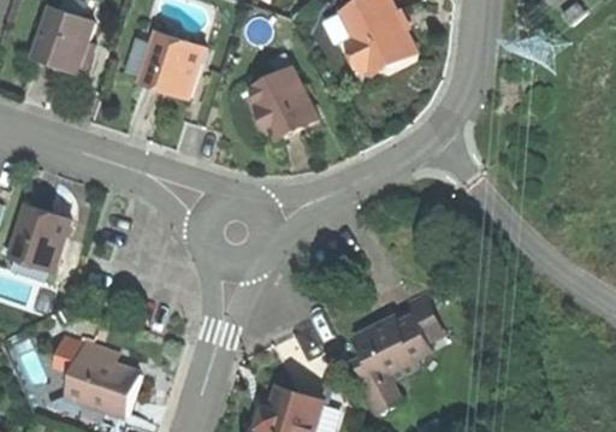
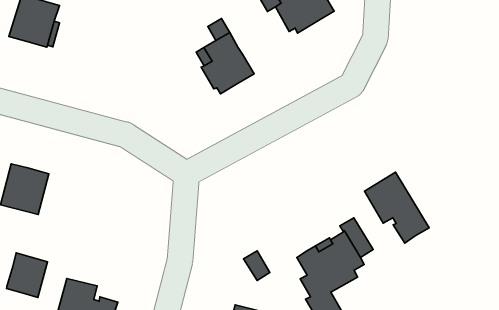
building: [137,31,202,99] -> none
building: none -> [365,172,429,243]
building: none -> [6,253,48,297]

